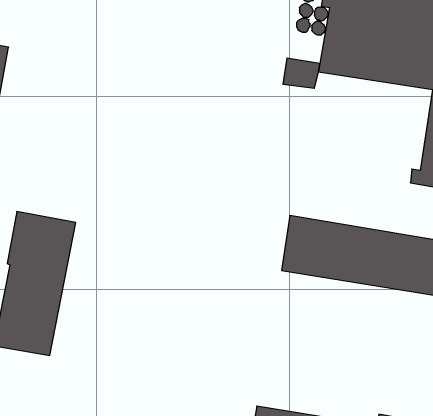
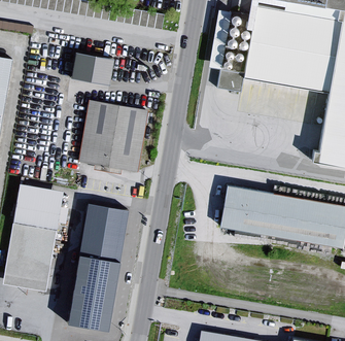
building: none -> [71,48,114,81]
building: none -> [78,99,147,169]
building: none -> [67,199,130,328]

